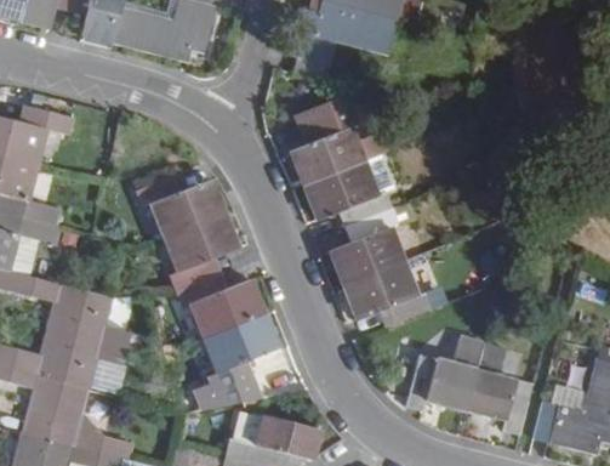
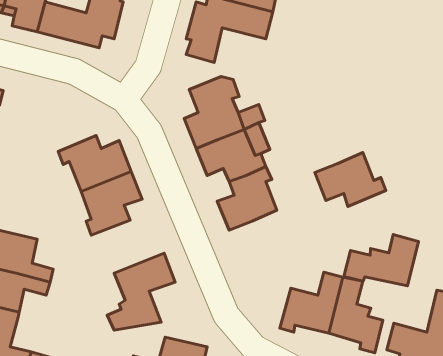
building: [343,261,429,326] -> [315,153,386,207]
building: [176,273,264,337] -> none
building: none -> [344,234,418,286]

